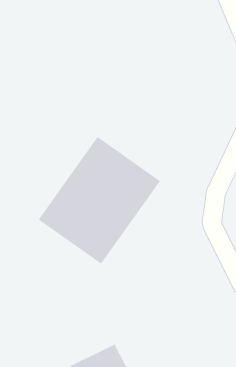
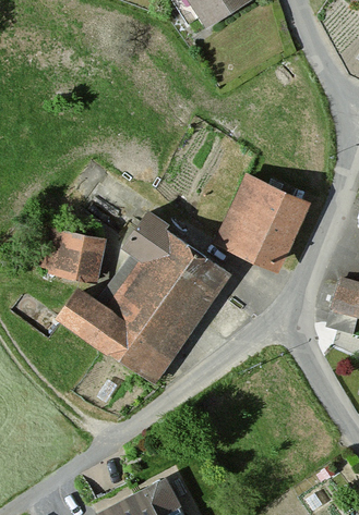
building: none -> [224,176,304,262]
building: none -> [38,237,94,284]

